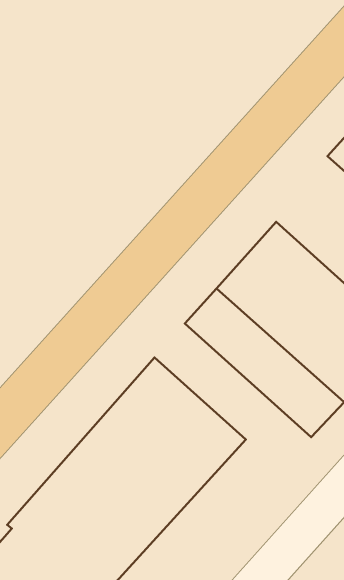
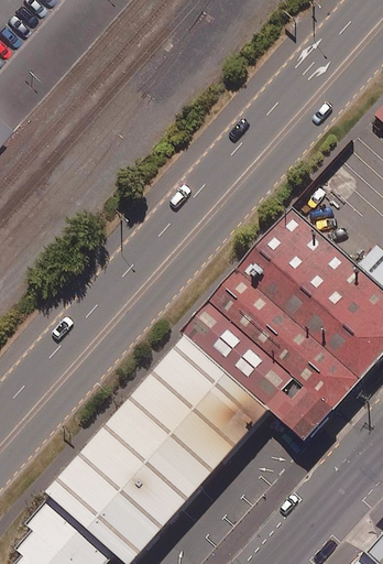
building: none -> [182,305,329,444]

